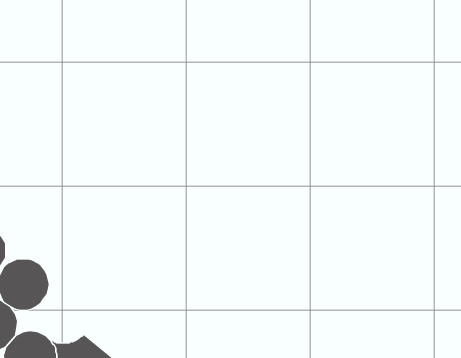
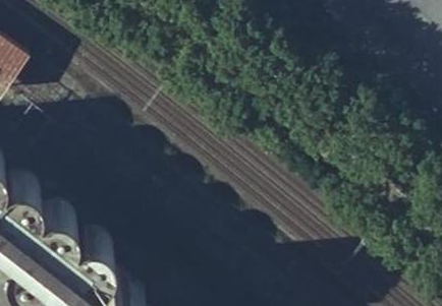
building: none -> [65,245,107,287]

